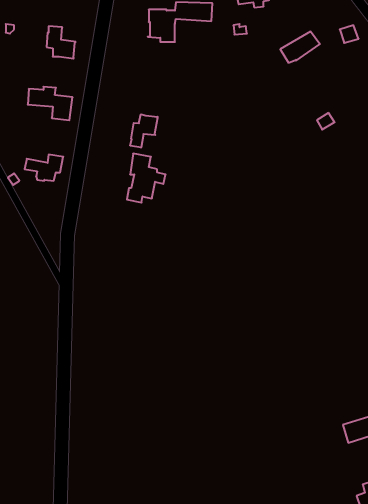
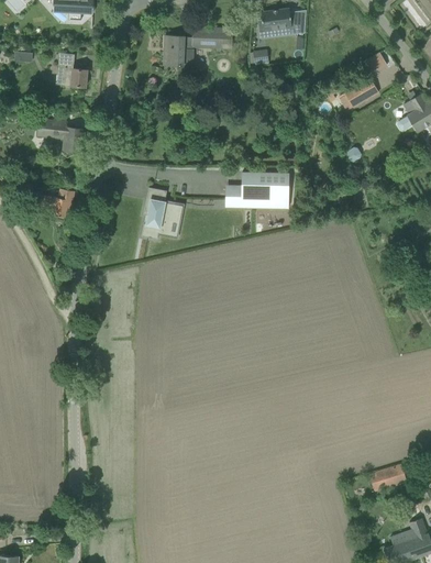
building: [280,32,320,63] -> [338,78,379,111]
building: [130,114,158,148] -> none
building: none -> [241,172,289,209]

